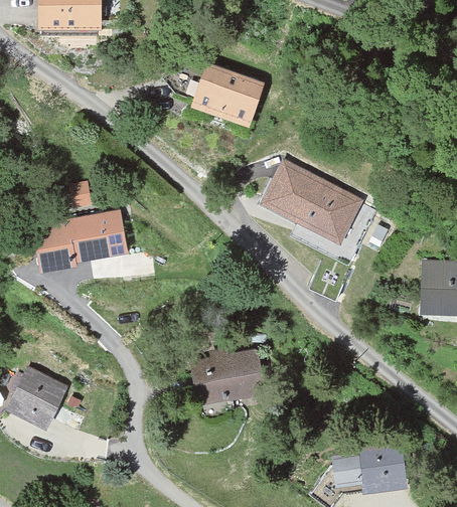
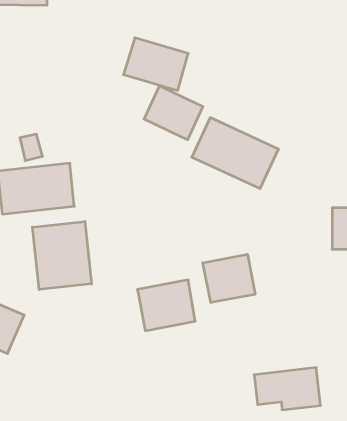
building: none -> [144,86,203,140]
building: none -> [32,221,92,290]
building: none -> [203,254,255,303]

